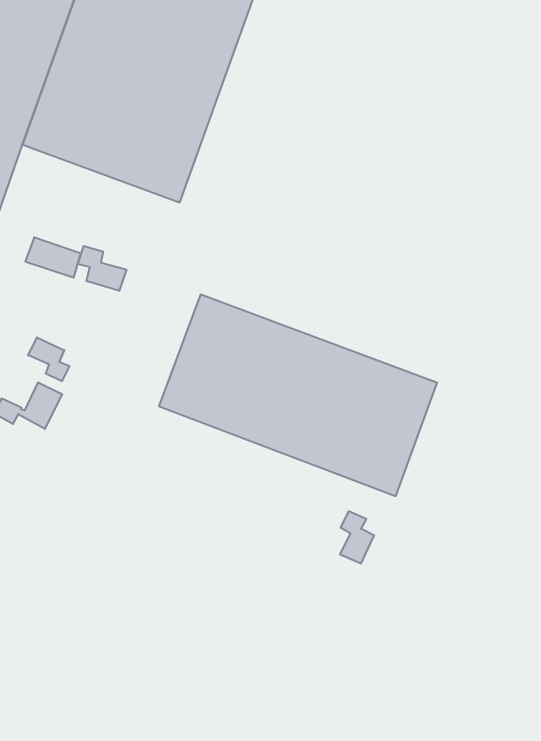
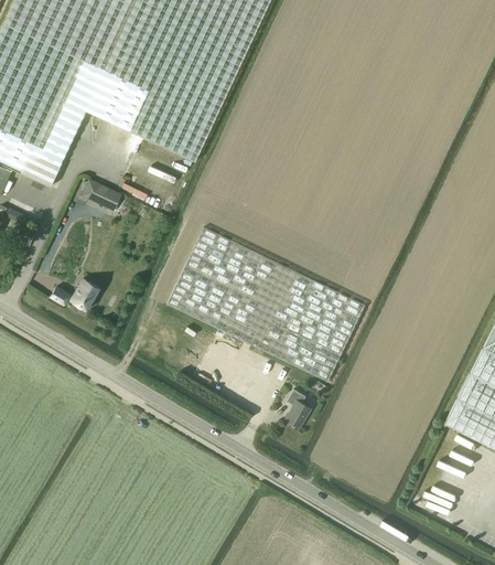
building: [78,246,126,291] -> none
building: [28,337,69,381] -> none

